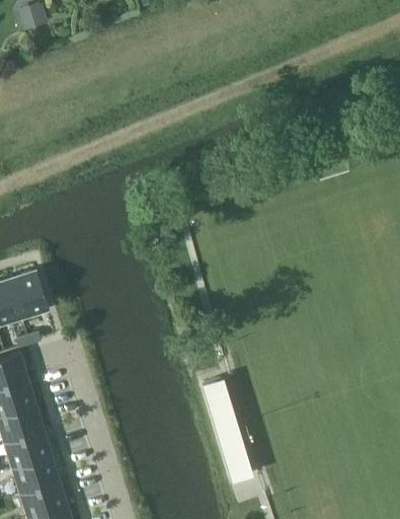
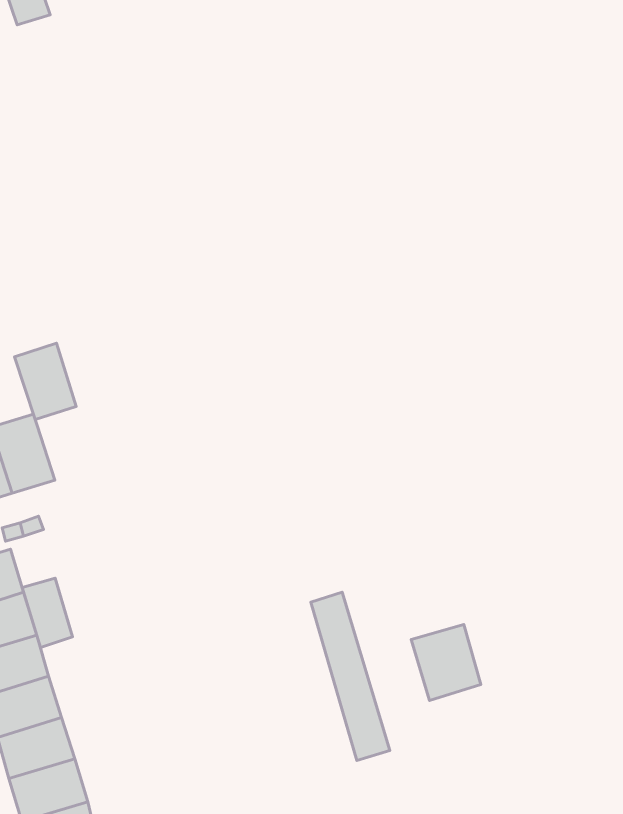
building: none -> [14,343,76,419]
building: none -> [22,578,73,647]
building: none -> [411,625,481,701]

